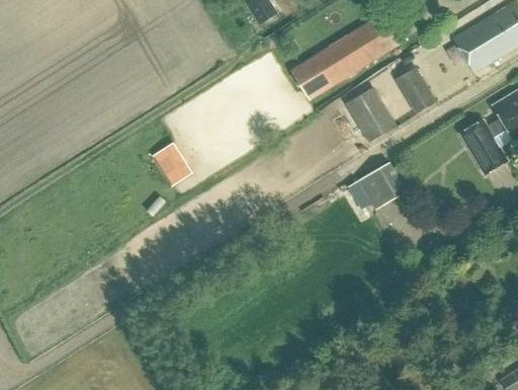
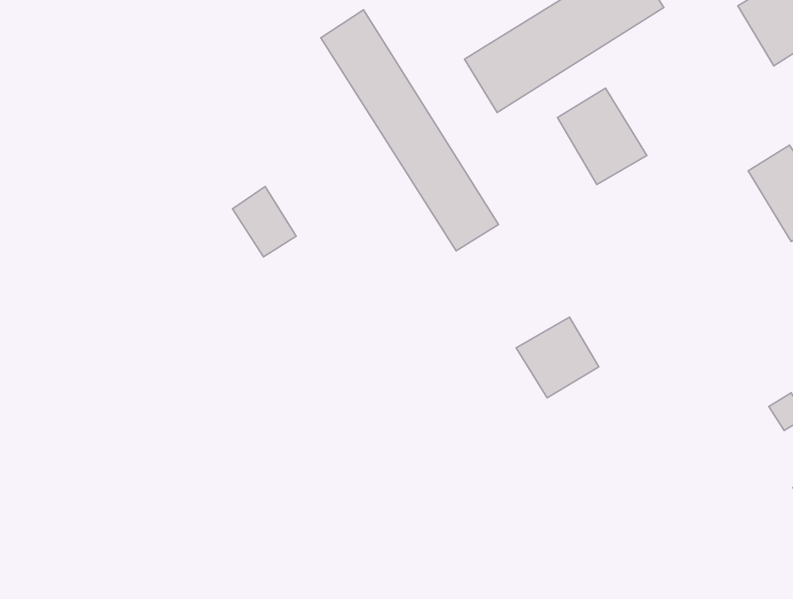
building: none -> [321,10,498,251]
building: [396,66,436,113] -> none
building: [358,161,407,209] -> [516,317,599,398]

